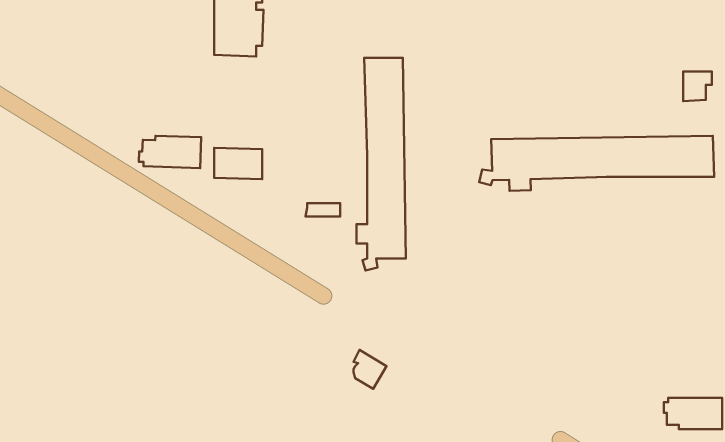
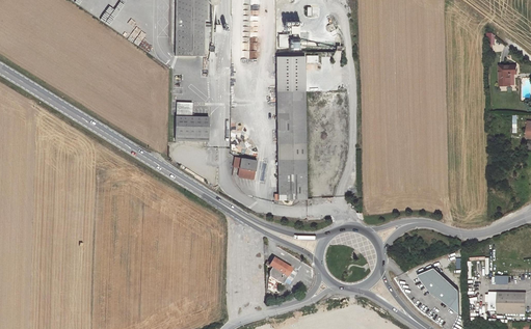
building: [479,136,714,191] -> none
building: [139,136,201,168] -> none
building: none -> [417,268,458,314]

